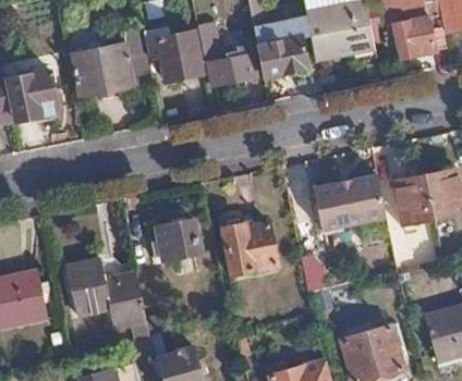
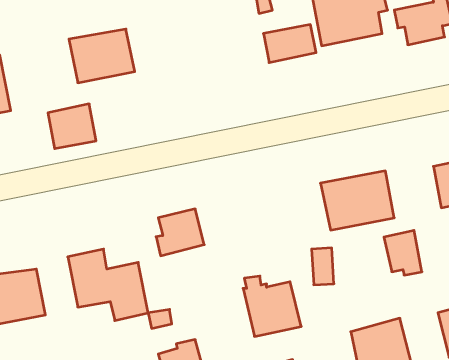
building: [196,21,258,85] -> none
building: [144,27,200,77] -> none
building: [9,76,56,120] -> [48,104,96,149]
building: [394,176,431,220] -> [384,230,422,275]
building: [223,216,280,274] -> [243,276,301,336]

